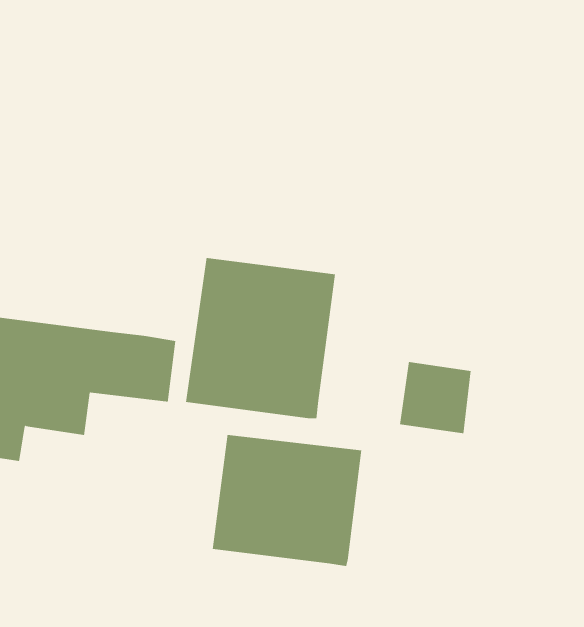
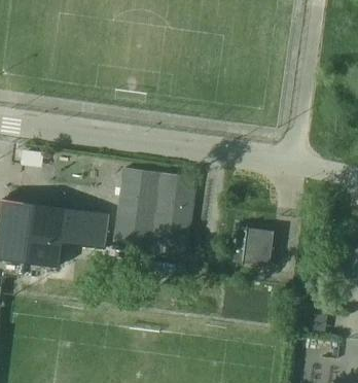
building: [212,434,362,567] -> none

